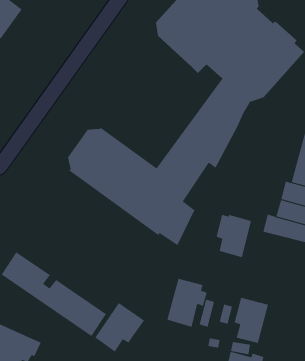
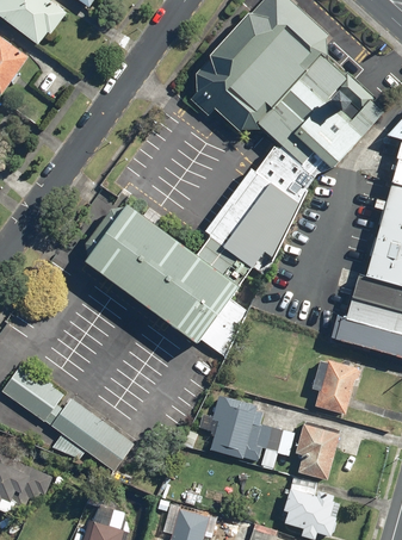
building: [216,214,252,258] -> [311,360,357,415]
building: [94,302,145,352] -> none

